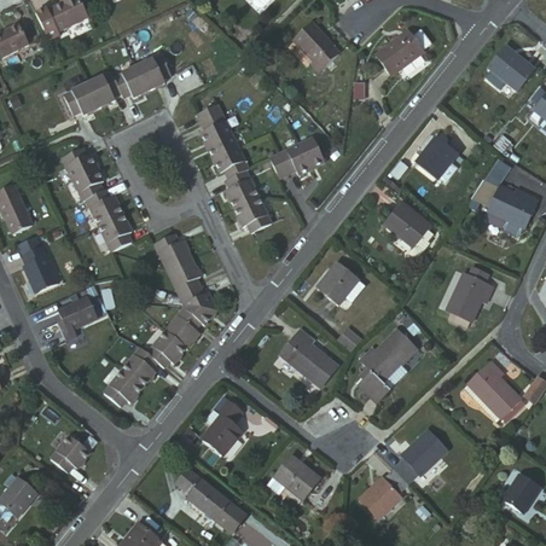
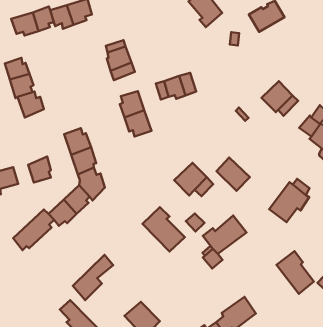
building: [211,147,250,182] -> none
building: [385,201,431,244] -> [217,158,250,191]
building: [98,213,130,250] -> [28,156,51,183]

